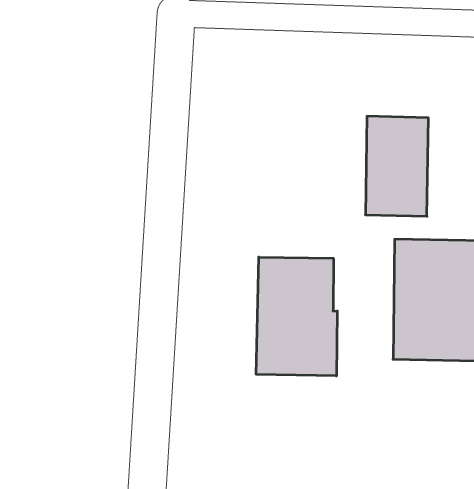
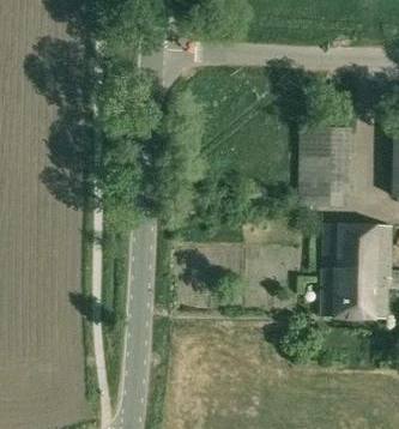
building: [256,257,337,376] -> none

